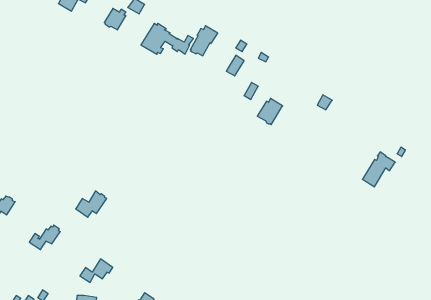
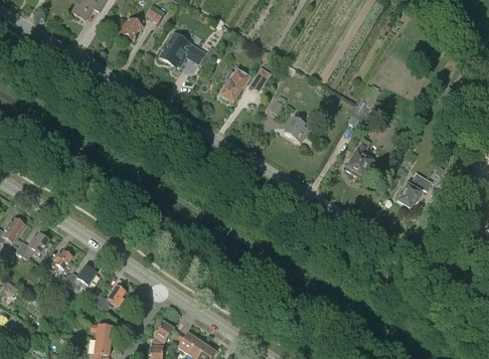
building: [190,26,218,56] -> [220,69,250,102]
building: none -> [345,139,375,178]
building: [76,191,107,217] -> [63,264,97,293]
building: none -> [15,234,48,258]

